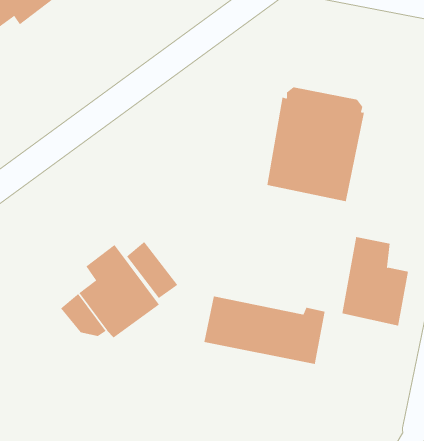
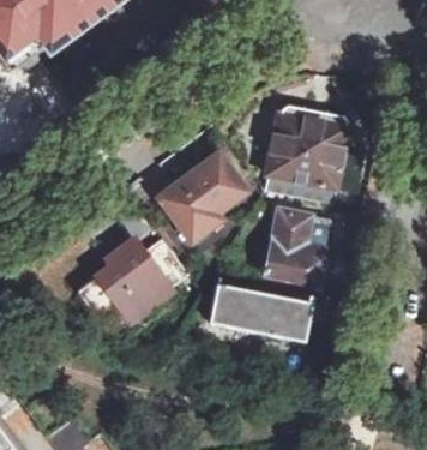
building: none -> [158,156,246,242]
building: [341,236,409,326] -> [267,210,325,287]

